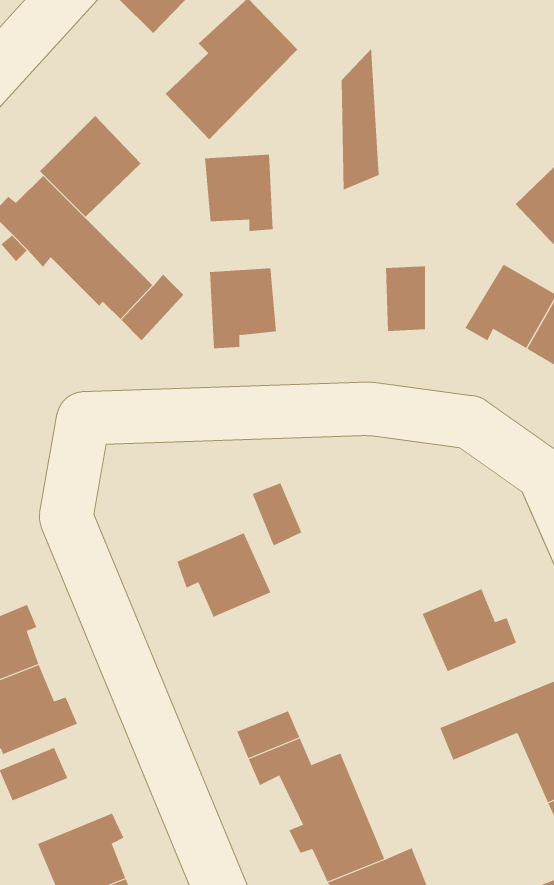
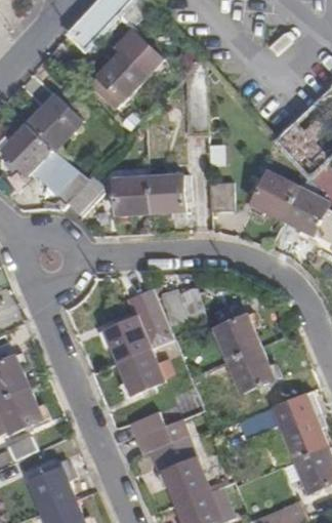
building: [204,154,274,232] -> [148,174,184,215]
building: none -> [160,288,202,318]
building: none -> [213,312,259,360]
building: none -> [117,349,161,396]

